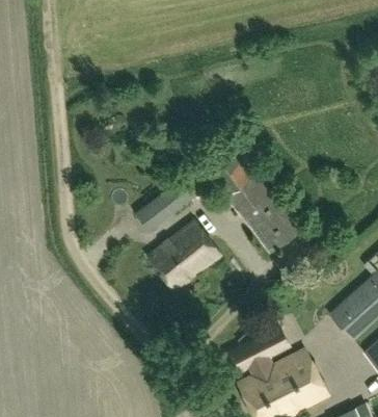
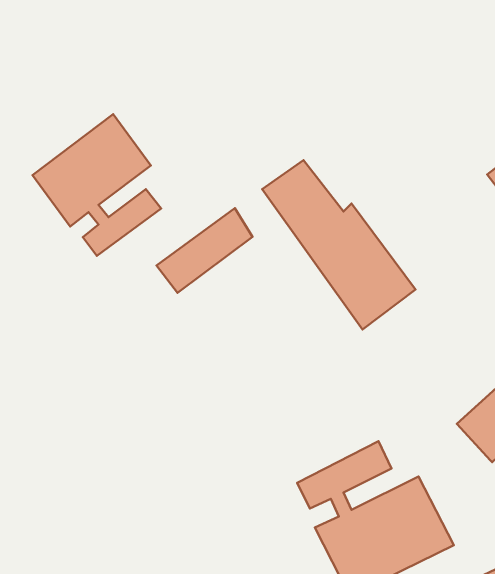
building: none -> [33,114,161,256]
building: [147,219,220,289] -> none

